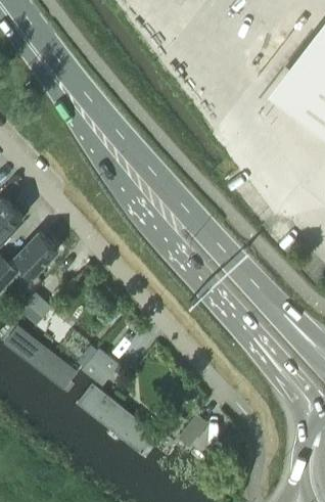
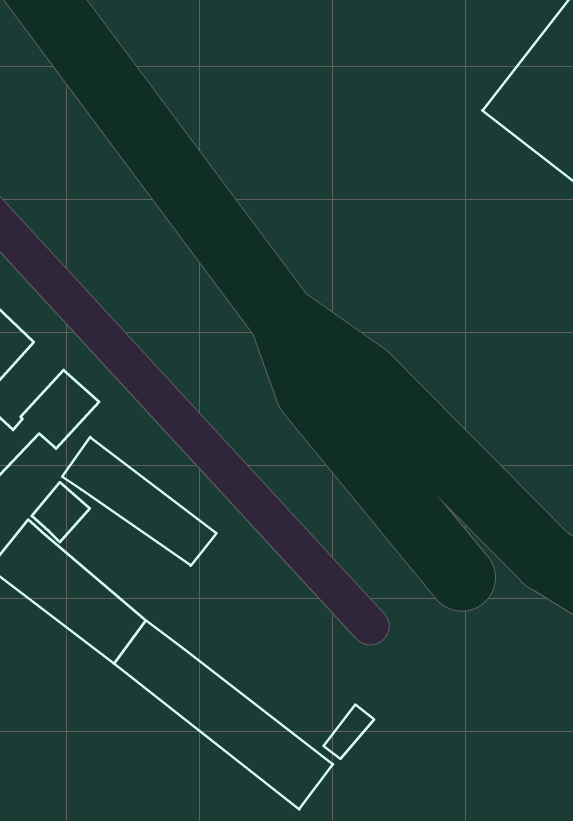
building: none -> [62,437,216,566]
building: [83,350,120,385] -> none

